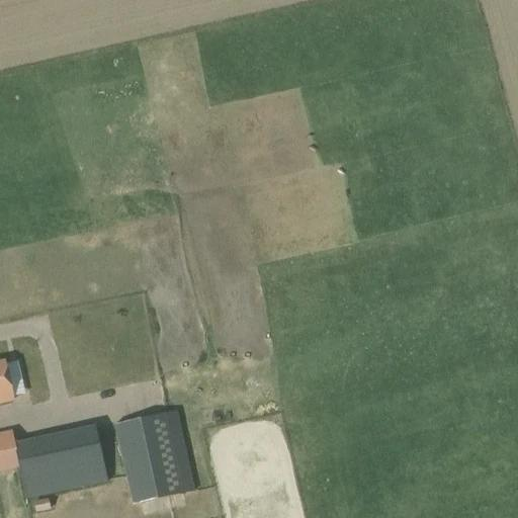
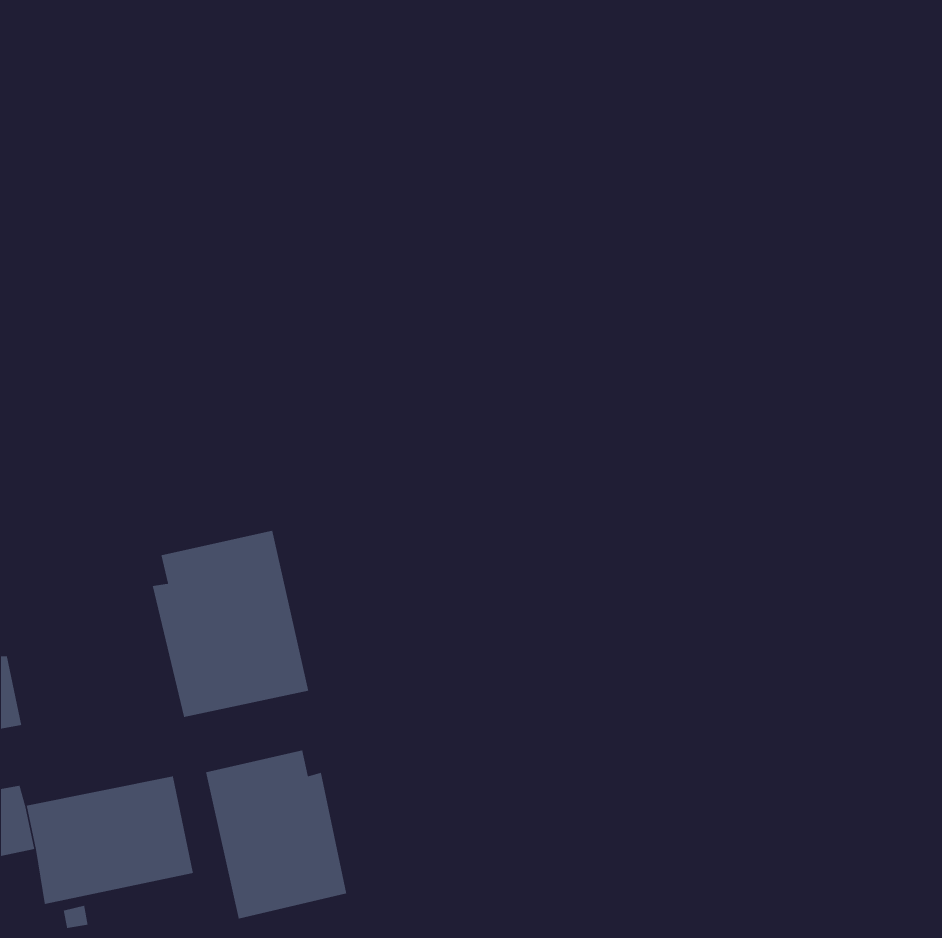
building: none -> [152,530,309,718]

